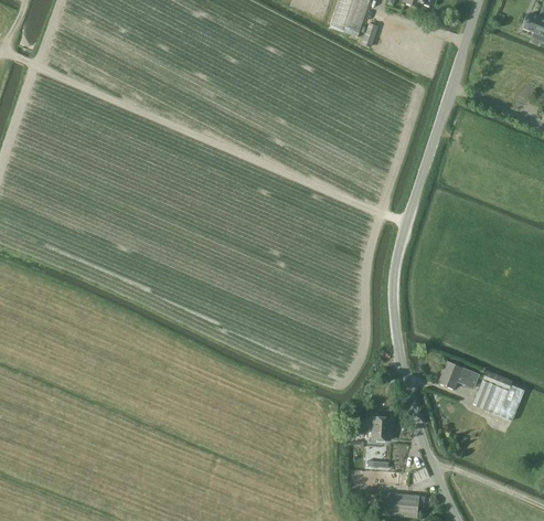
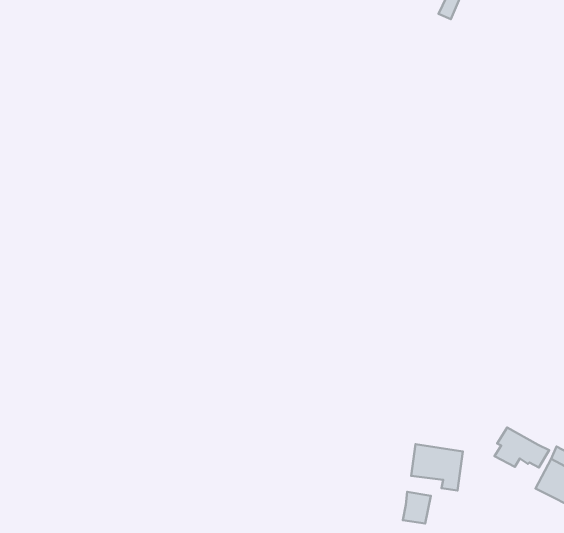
building: none -> [411,444,463,490]

